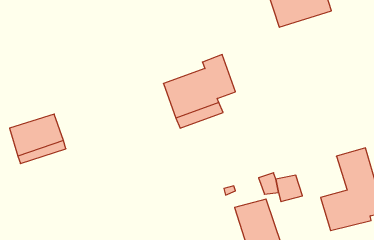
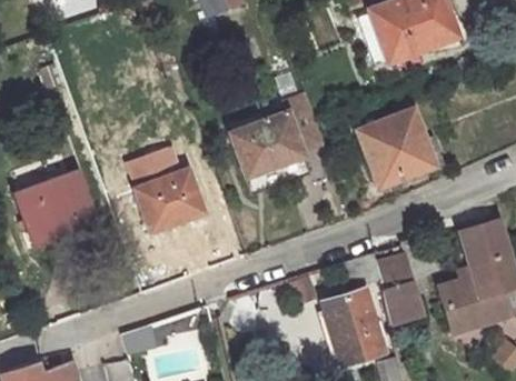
building: none -> [355,110,431,188]
building: none -> [127,146,204,231]
building: none -> [386,284,425,323]

